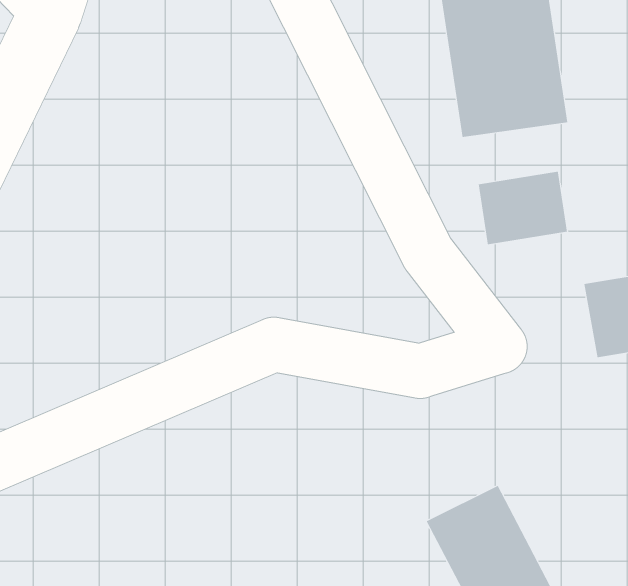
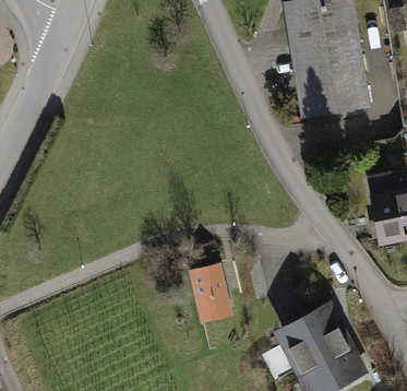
building: [478,171,567,245] -> none
building: none -> [191,265,235,327]

